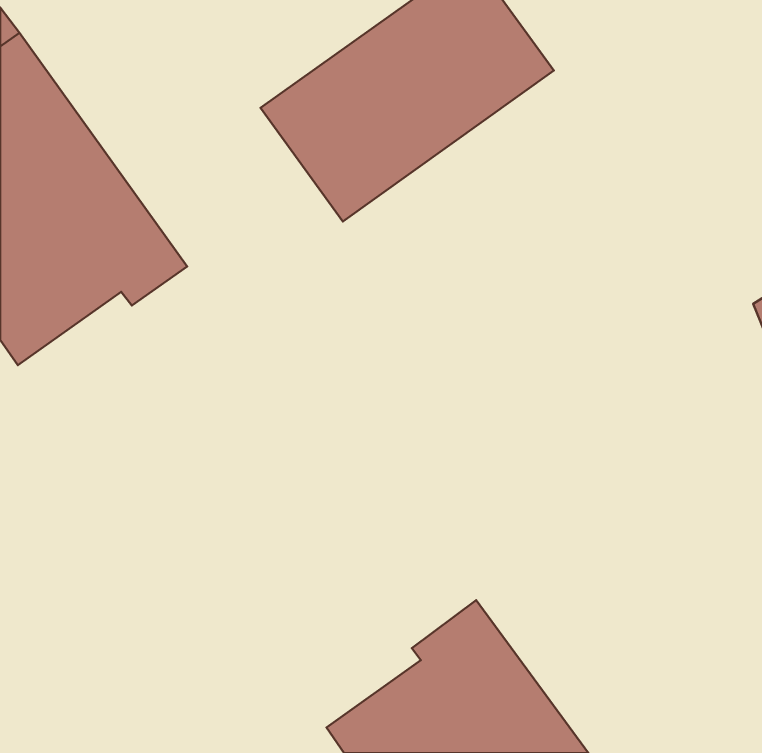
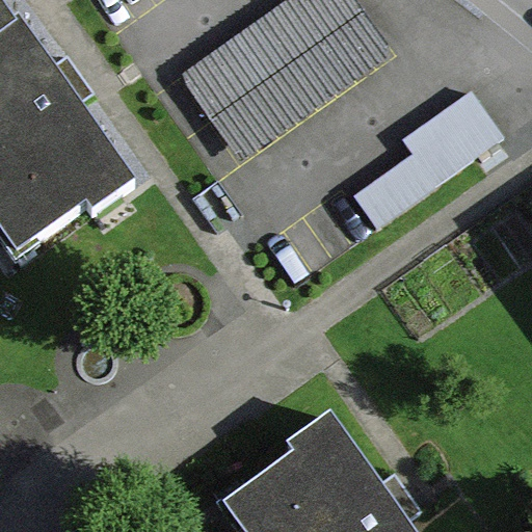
building: none -> [353,90,500,223]

